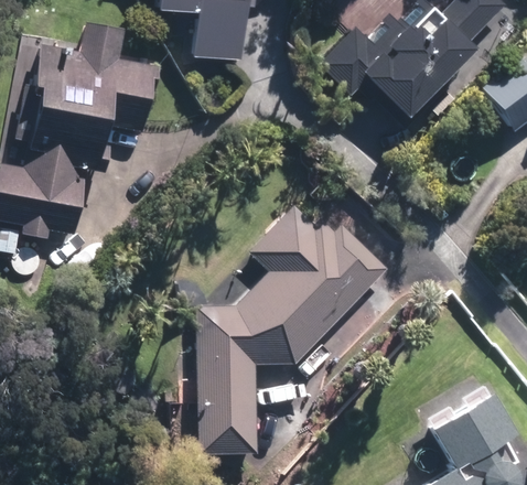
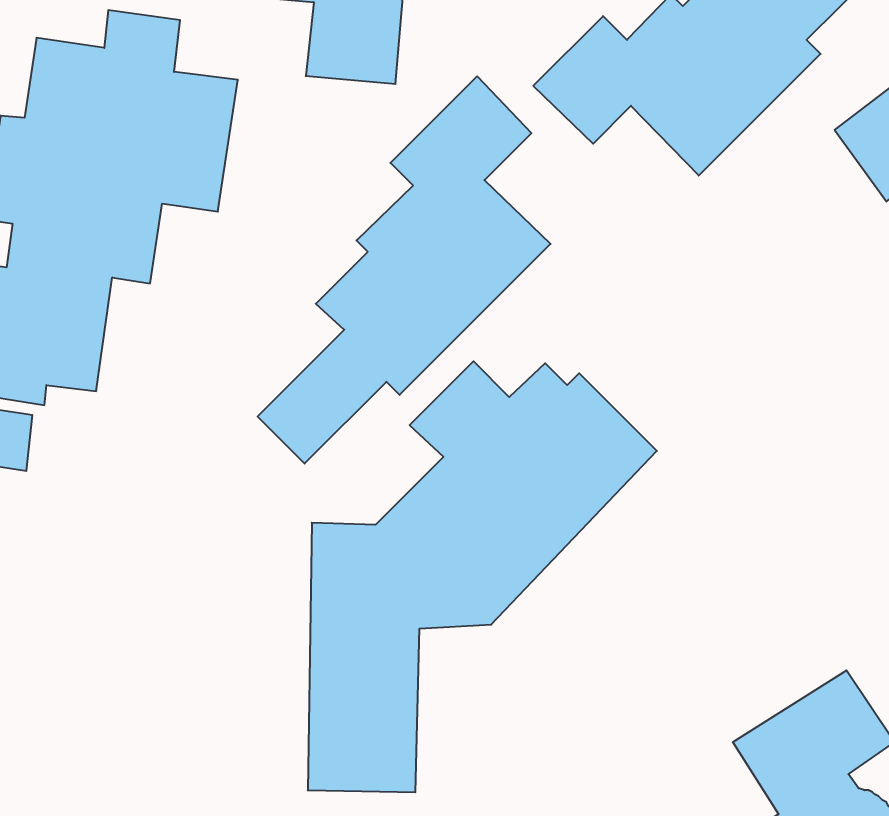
building: none -> [258,76,551,464]

